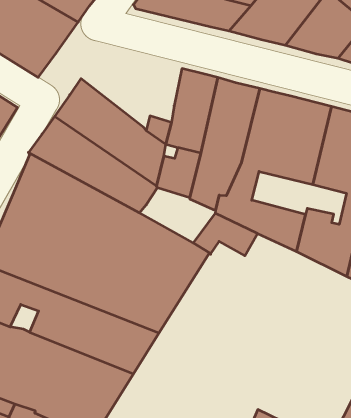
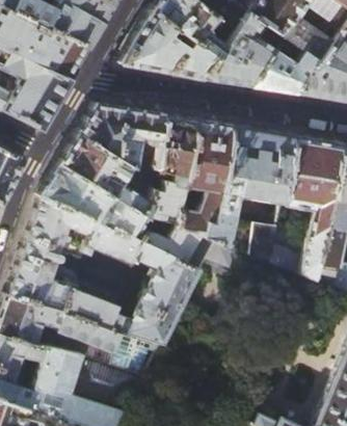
building: none -> [78,103,163,167]
building: none -> [137,224,202,262]

